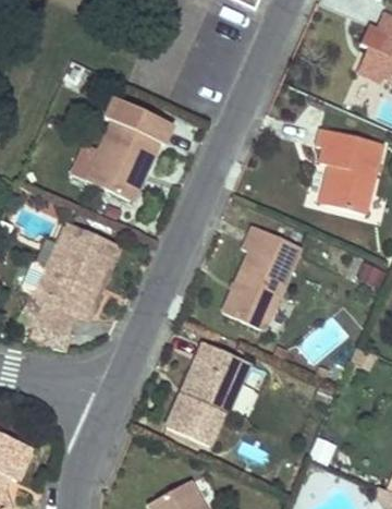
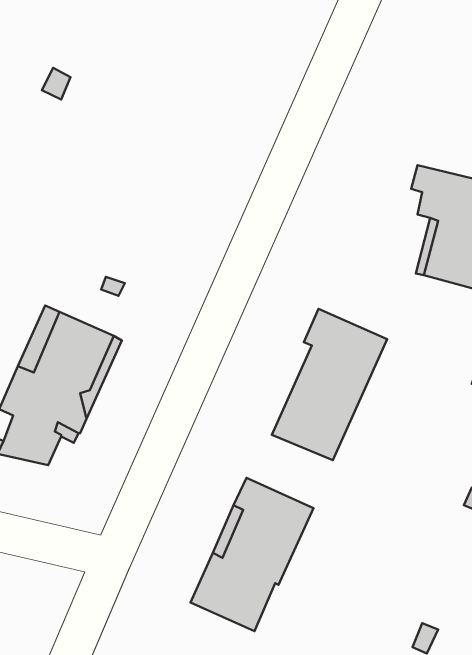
building: [85,98,172,202] -> none

